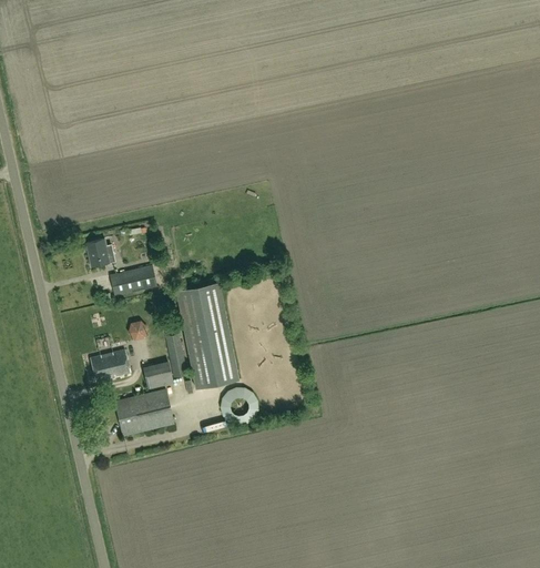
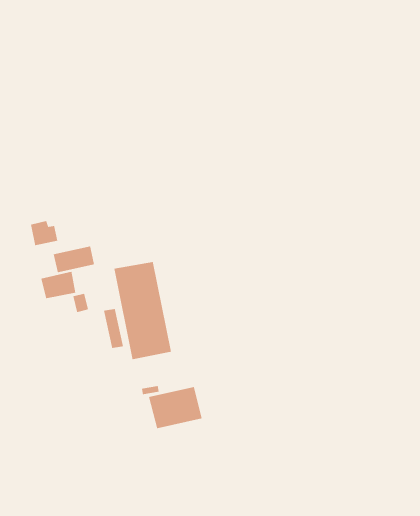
building: [90,349,129,379] -> [40,271,76,299]
building: [142,361,173,389] -> none
building: [114,390,173,436] -> [148,387,203,429]

